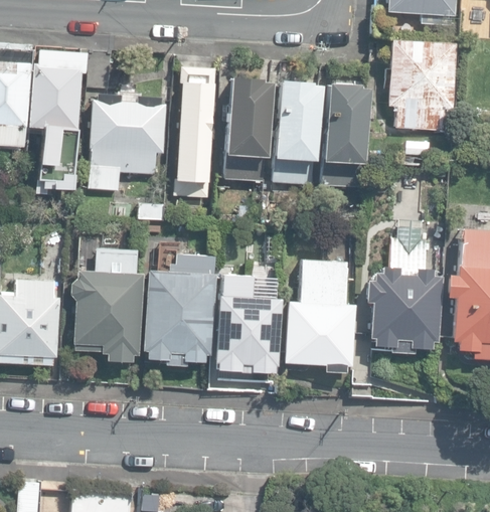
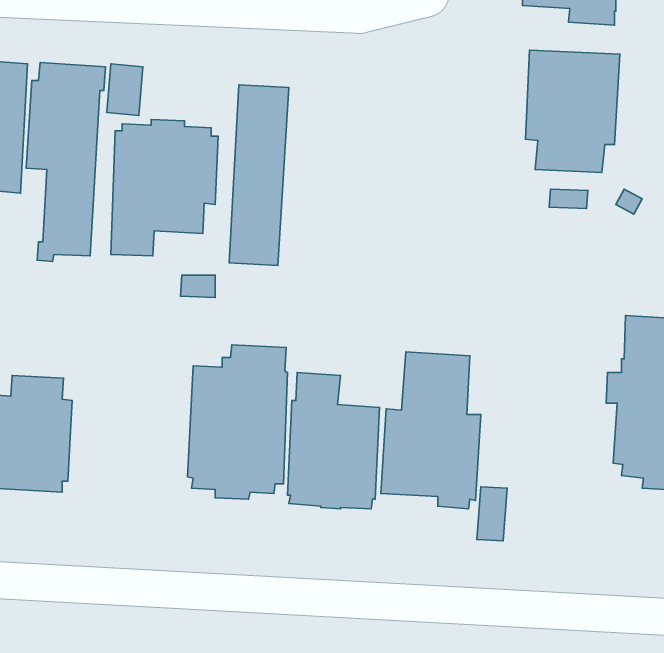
building: [223,74,271,179] -> none
building: [270,78,318,189] -> none
building: [321,82,368,187] -> none
building: [366,224,443,352] -> none
building: [69,248,143,362] -> none

